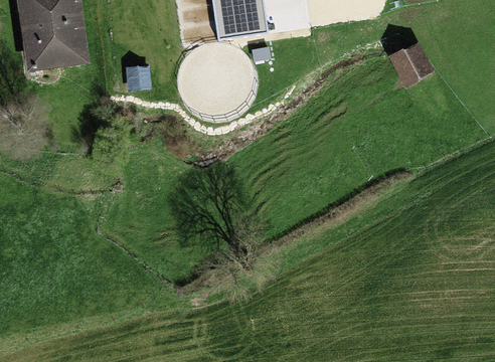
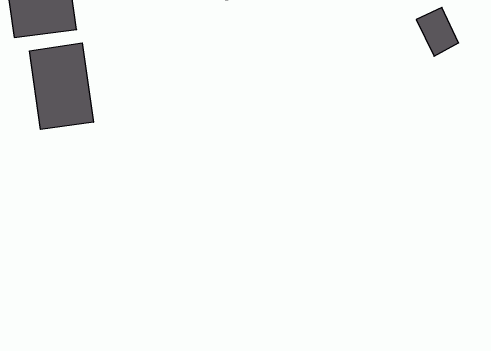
building: none -> [30,43,93,129]

